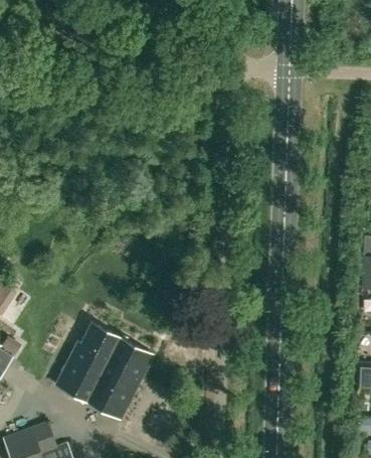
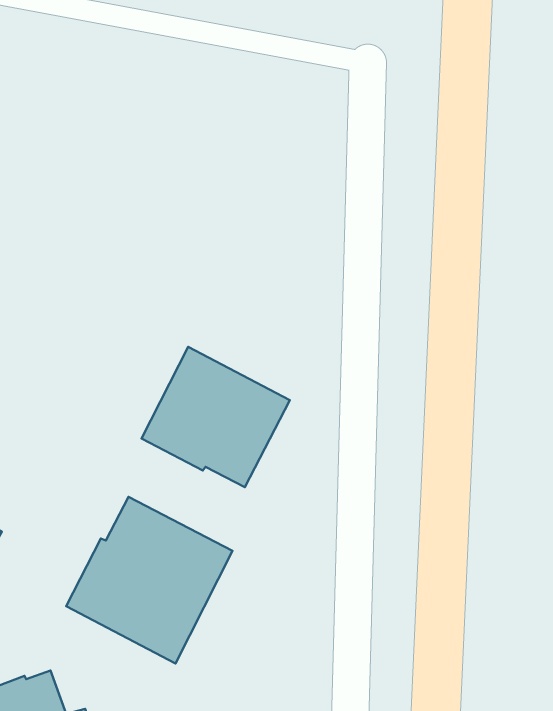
building: none -> [142,347,290,487]

